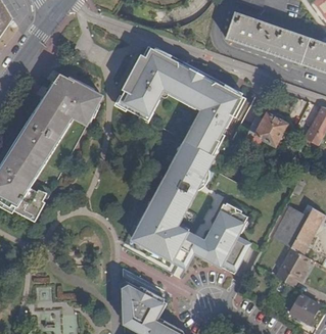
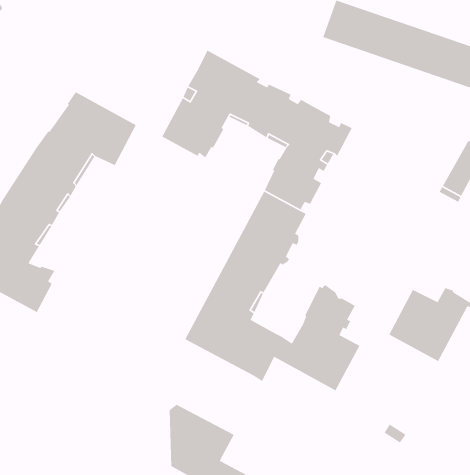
building: [247,113,285,145] -> none
building: [274,248,308,286] -> none
building: [288,294,318,324] -> none

